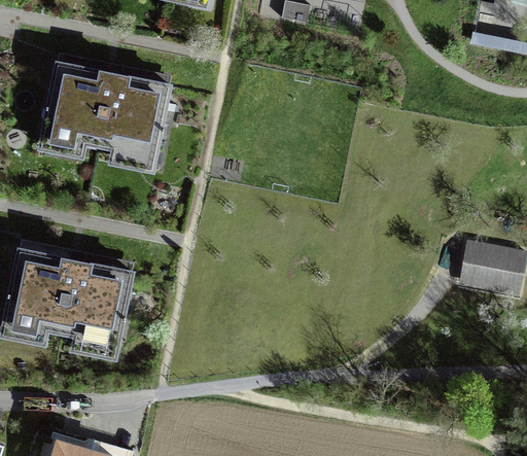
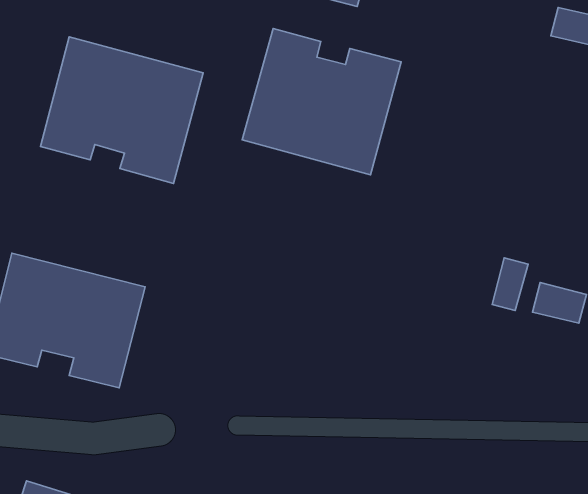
building: none -> [242,28,401,175]
building: none -> [492,258,528,311]

